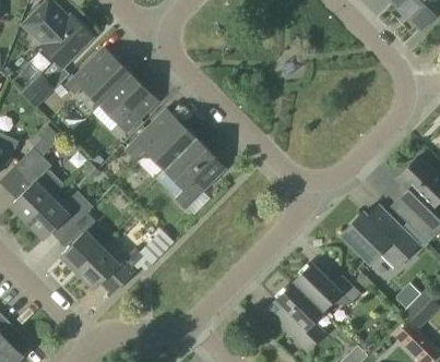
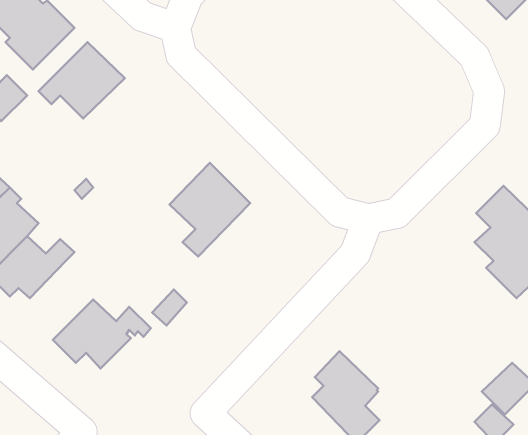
building: [99,75,158,134] -> none
building: [126,109,195,171] -> none
building: [342,207,418,268] -> none
building: [59,214,107,274] -> none
building: [294,265,360,311] -> none

